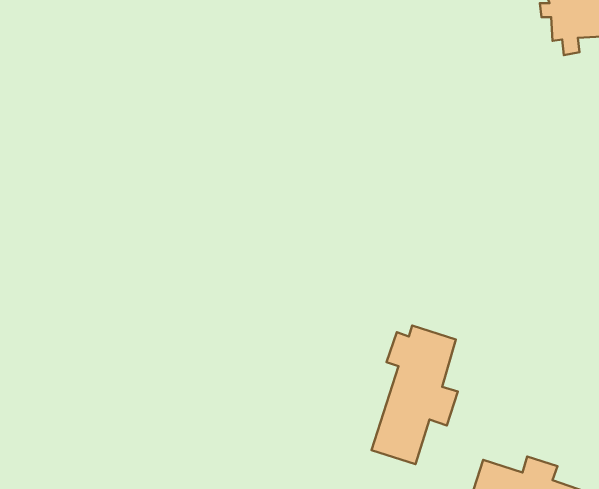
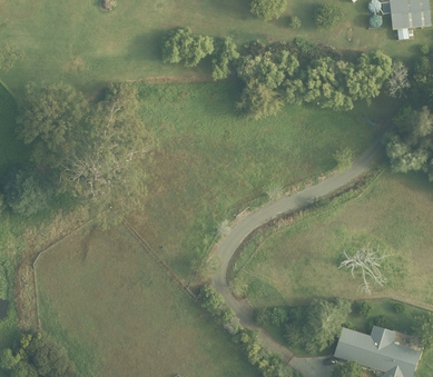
building: [371,326,458,464] -> none

